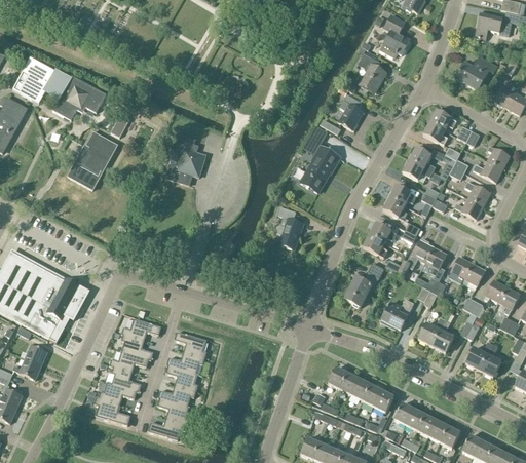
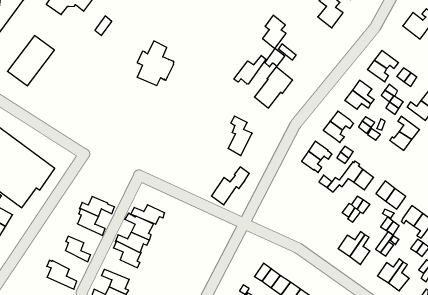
building: [338,93,364,130] -> [263,15,286,48]
building: [68,131,117,189] -> [7,36,54,86]
building: none -> [234,55,267,84]
building: [344,262,383,307] -> [211,167,249,205]
building: [380,299,413,330] -> none
building: [109,351,148,372] -> none
building: [99,381,136,403] -> none
building: [157,385,195,406] -> [130,205,165,224]

